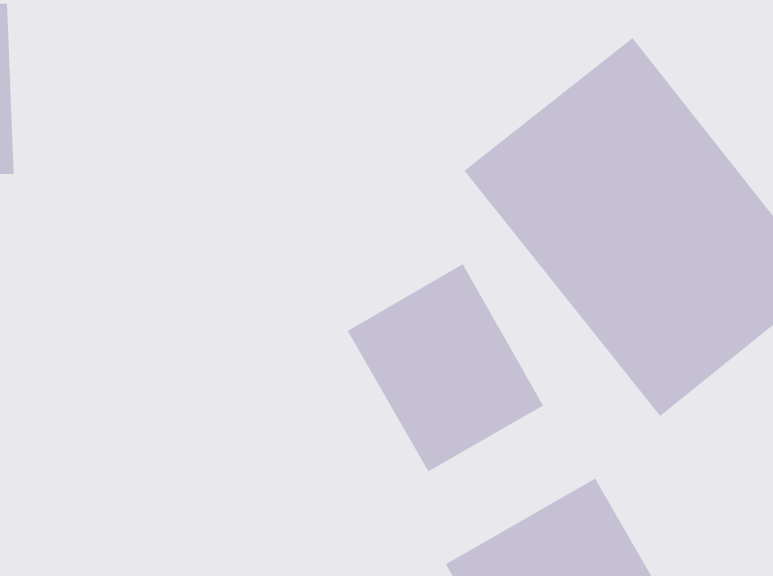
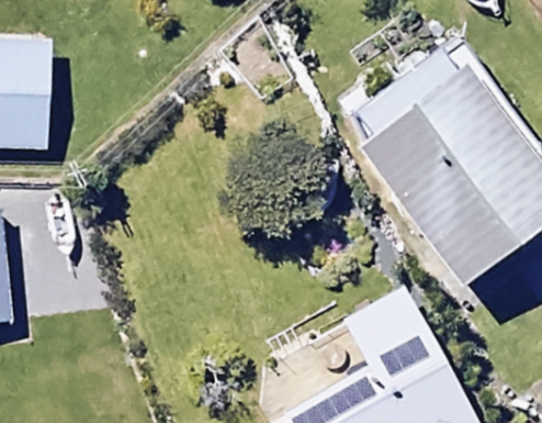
building: [347,263,544,472] -> none

